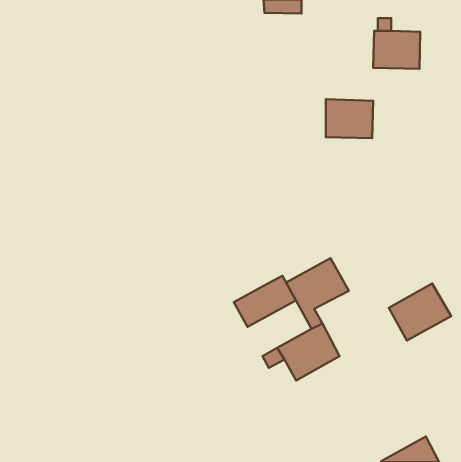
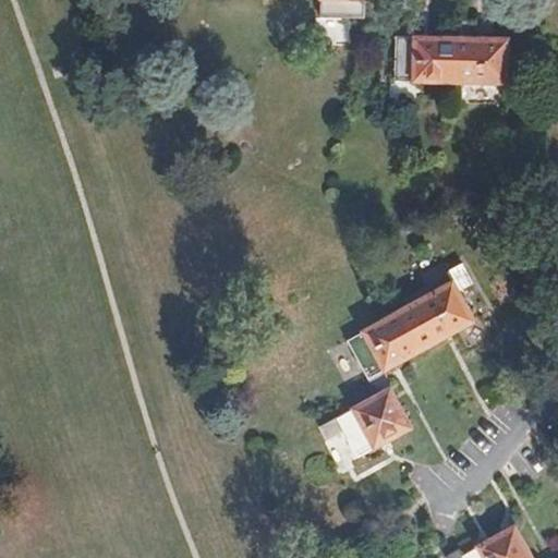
building: [326,99,373,138] -> [396,35,452,82]
building: [234,276,296,327] -> none
building: [389,283,451,341] -> [400,281,475,350]

